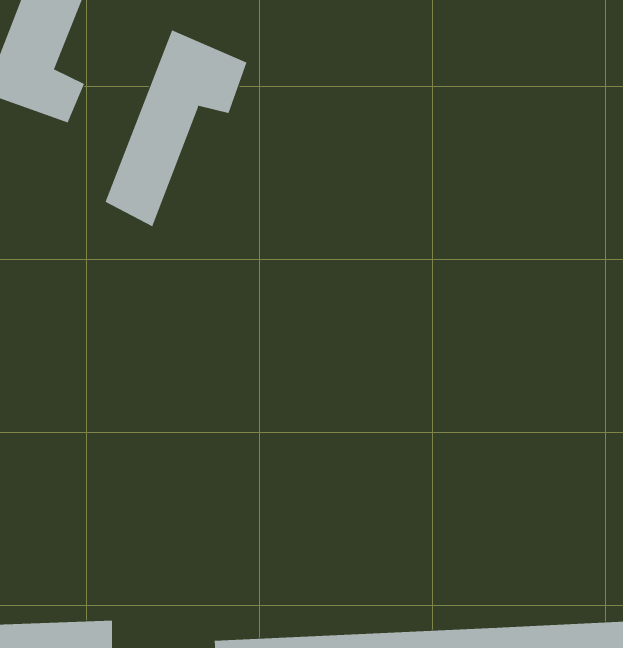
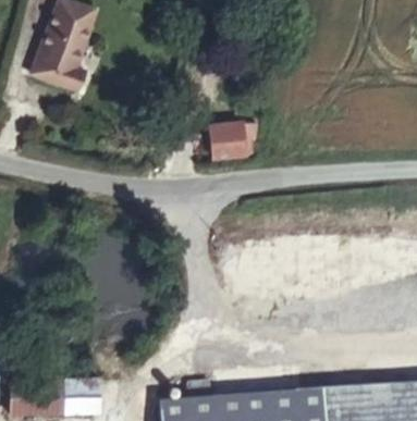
building: [105,29,247,227] -> none
building: none -> [207,119,258,160]

